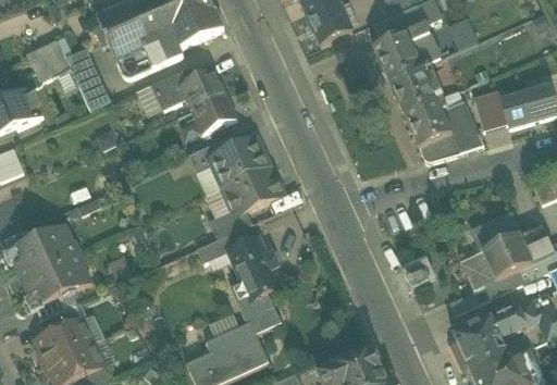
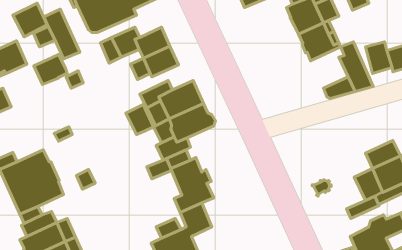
building: [405,95,453,147] -> none
building: none -> [34,54,67,85]
building: none -> [126,105,154,134]

